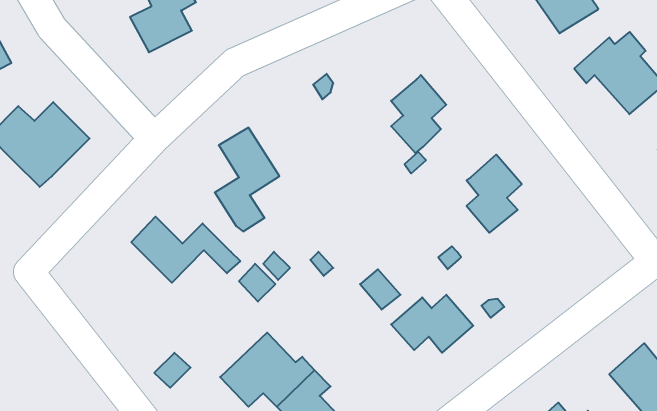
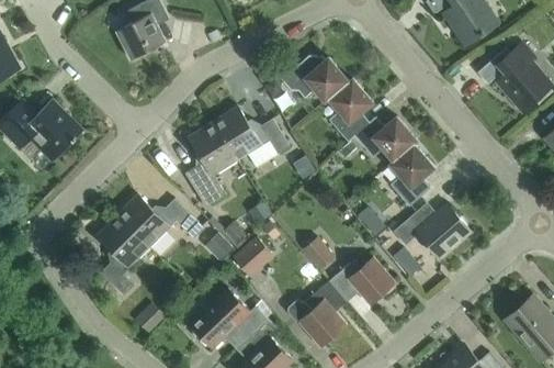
building: none -> [281,57,349,101]
building: none -> [212,105,290,160]
building: none -> [354,116,417,161]
building: none -> [394,204,470,257]
building: none -> [95,214,149,295]
building: none -> [233,236,274,277]
building: none -> [287,281,347,346]

